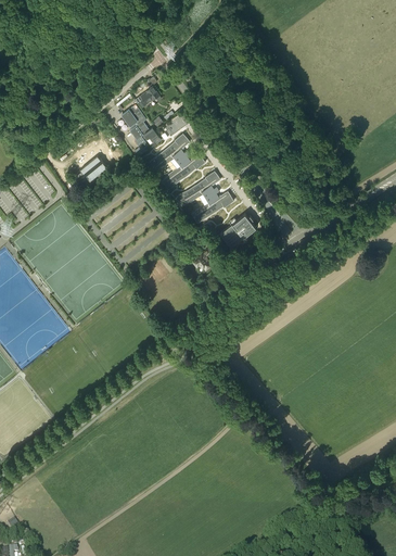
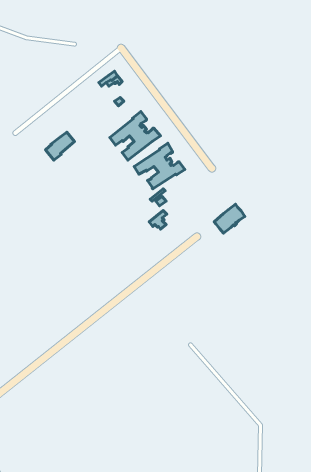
building: [122,105,159,150] -> none
building: [220,214,256,248] -> [214,204,245,233]

